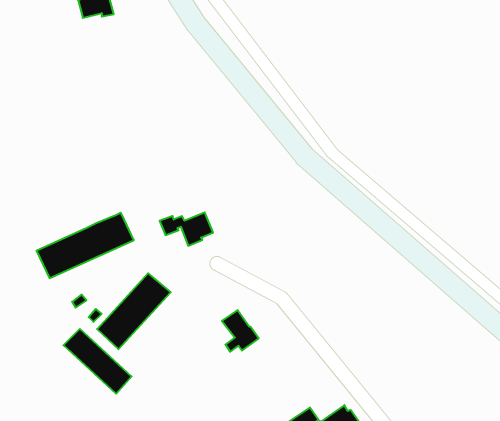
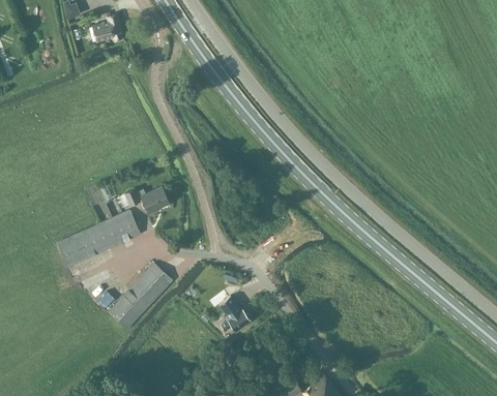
building: [160,212,213,246] -> [123,186,170,215]
building: [63,329,132,394] -> none

